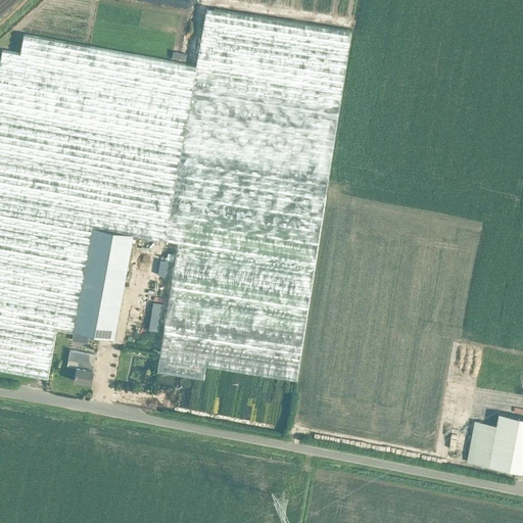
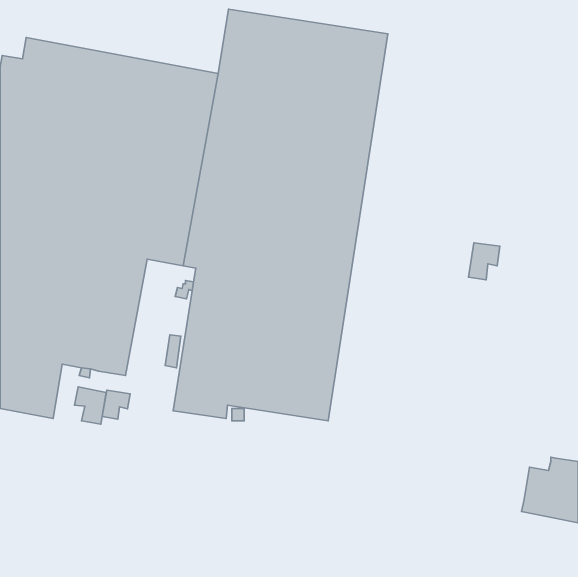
building: none -> [469,243,500,280]
building: none -> [102,390,130,419]

